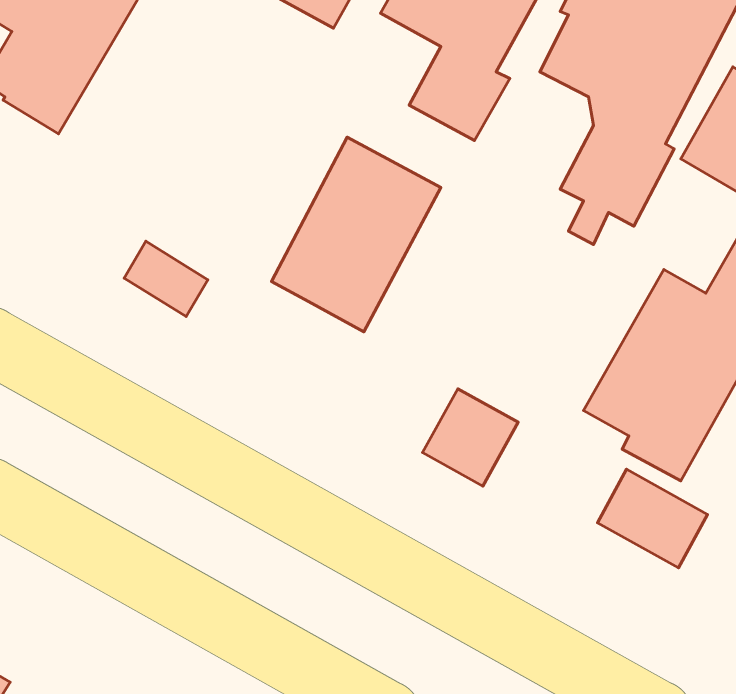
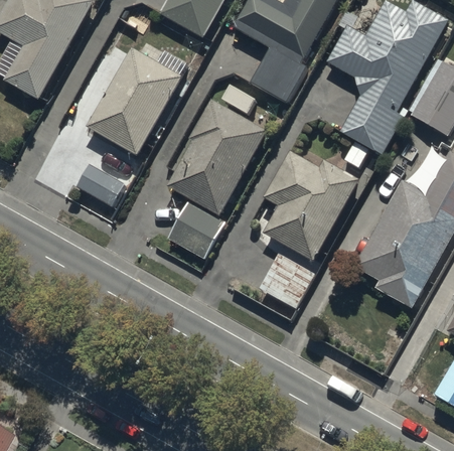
building: none -> [87,47,186,156]
building: none -> [264,151,359,261]
building: none -> [167,199,225,258]
building: [598,469,707,568] -> none

